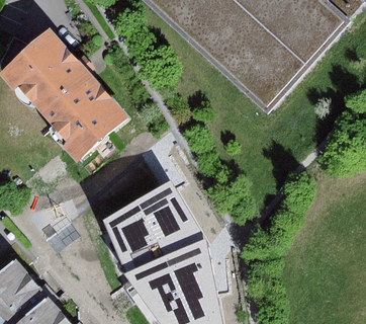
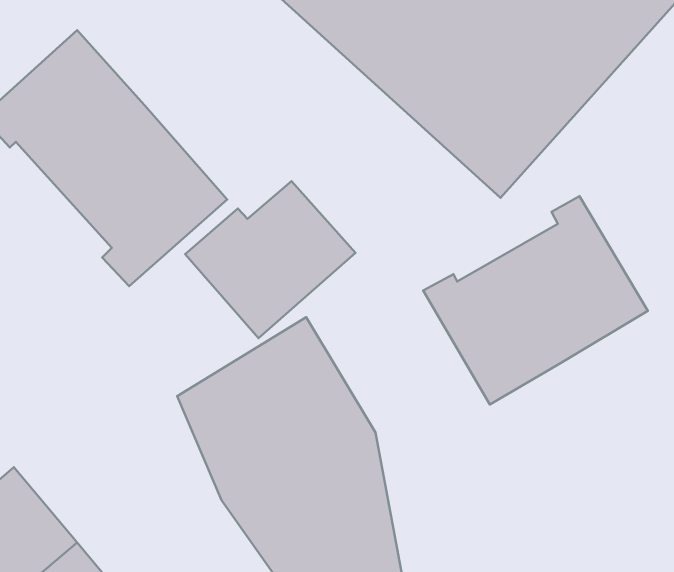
building: none -> [185,181,356,338]
building: none -> [423,196,648,404]

